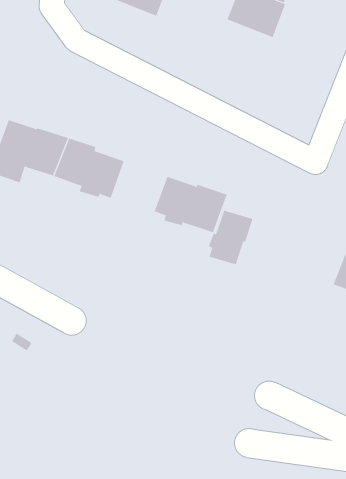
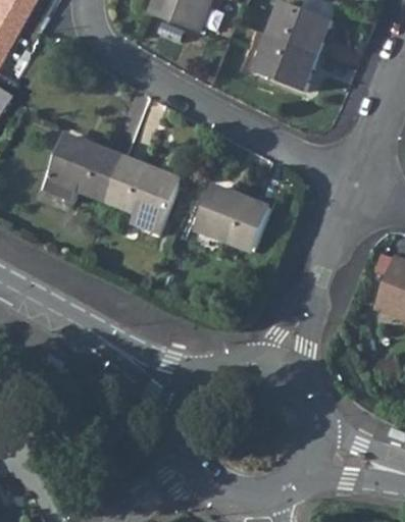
building: none -> [256,37,316,90]
building: [208,210,253,265] -> none

